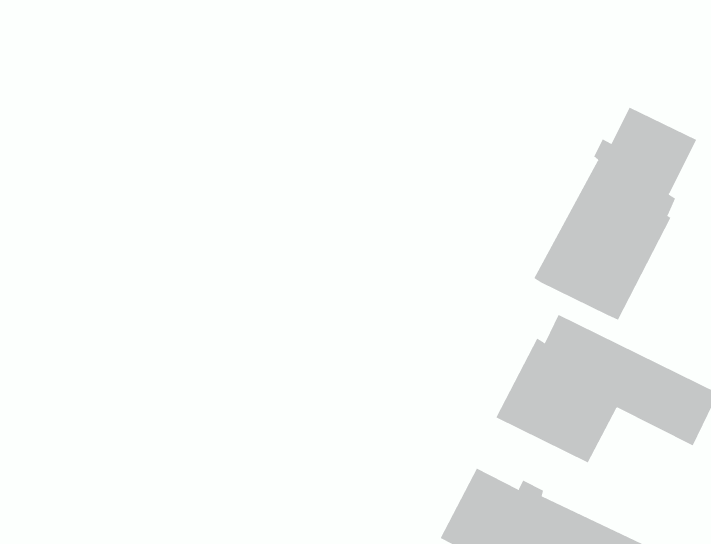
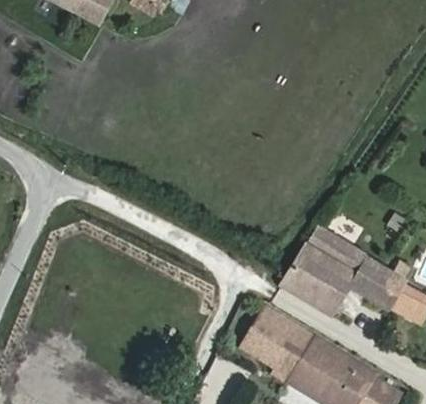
building: [534,107,697,321] -> none

